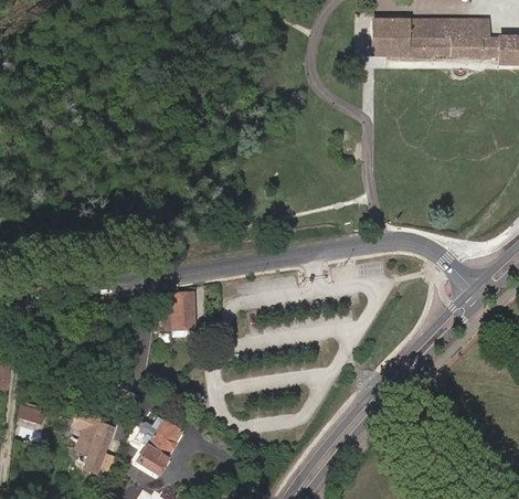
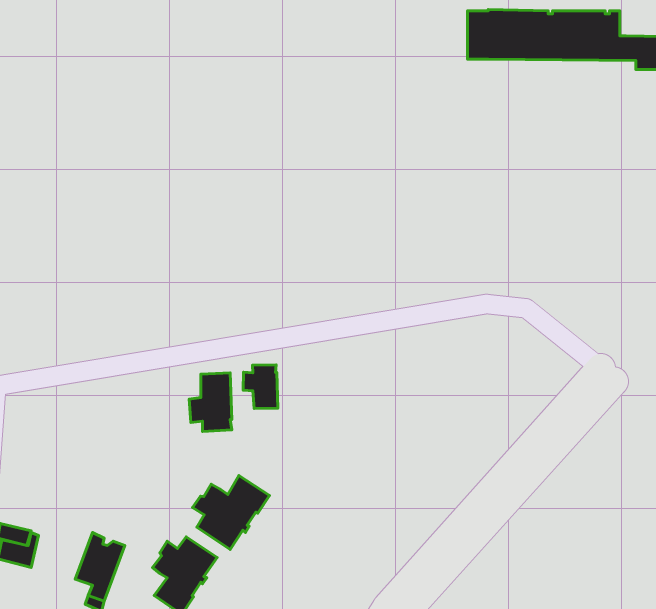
building: none -> [243,365,278,408]
building: none -> [193,476,269,550]

